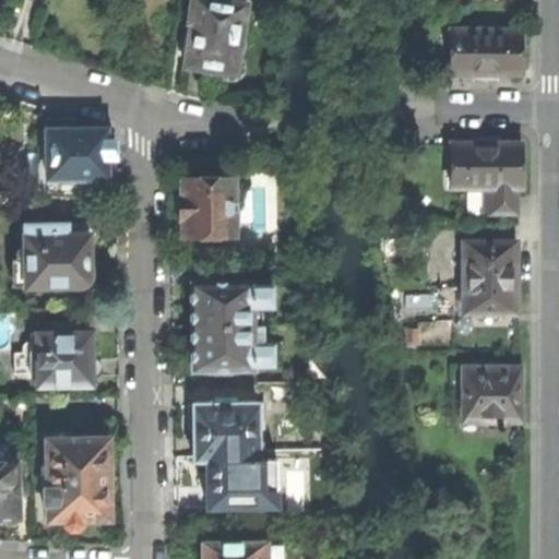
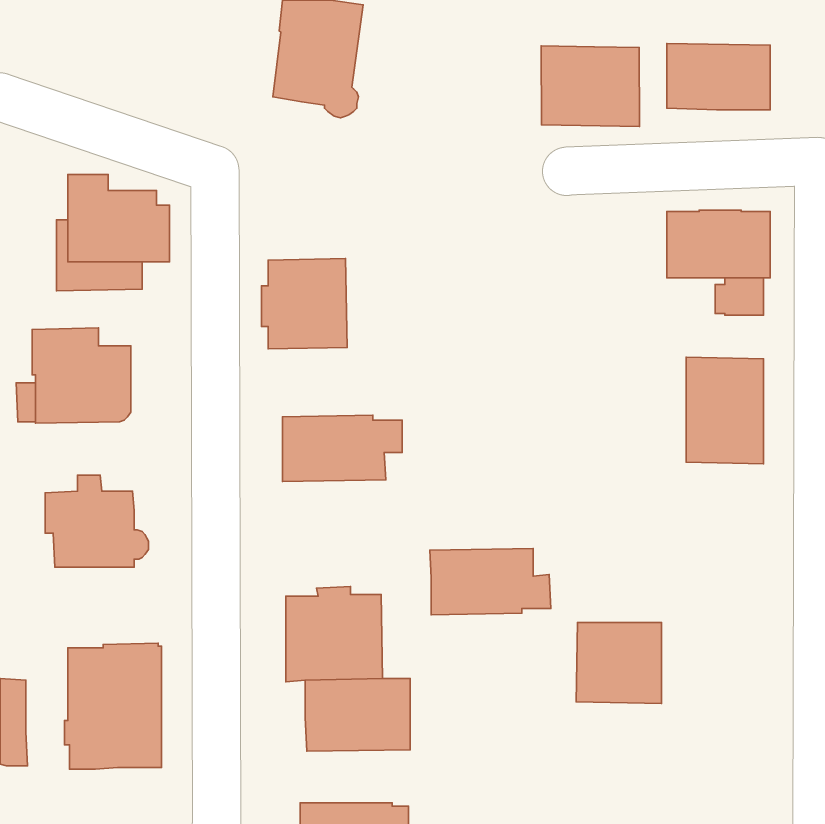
building: none -> [541,46,640,126]
building: [191,325,273,370] -> [430,549,551,615]
building: [463,368,521,423] -> [576,623,662,703]

